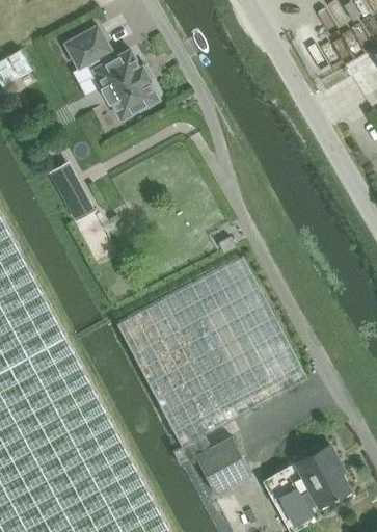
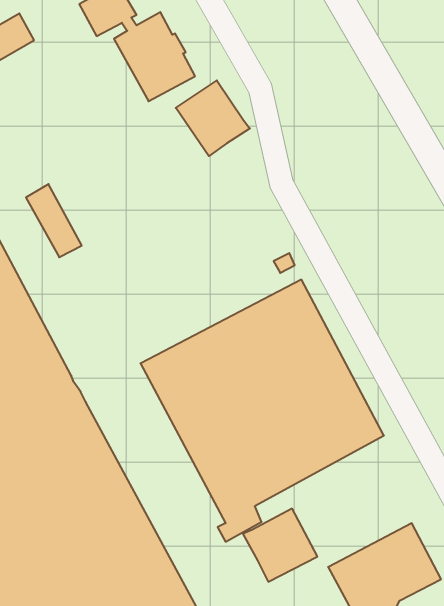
building: none -> [176,80,250,156]
building: [50,162,93,219] -> [26,184,82,257]

